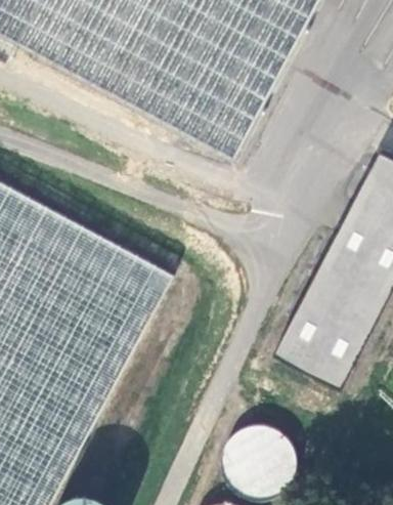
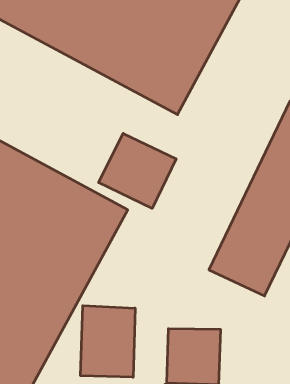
building: none -> [99,133,176,208]
building: none -> [81,306,135,377]

